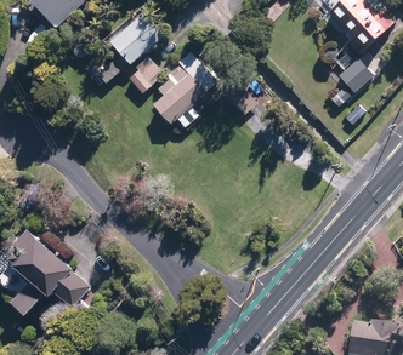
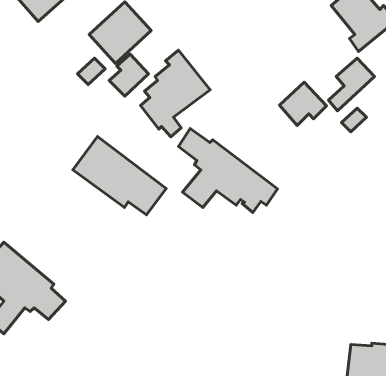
building: none -> [279,82,327,125]
building: none -> [178,128,277,213]
building: none -> [73,136,166,215]

